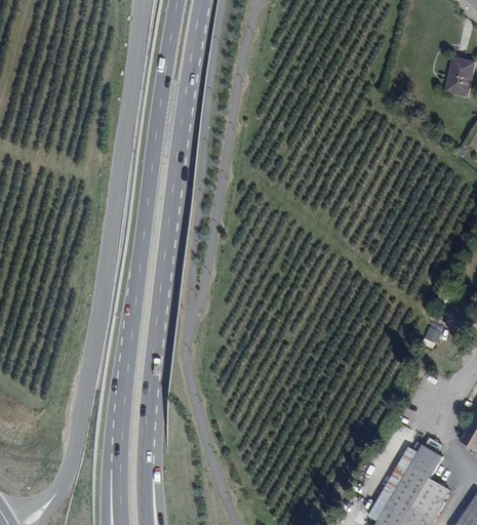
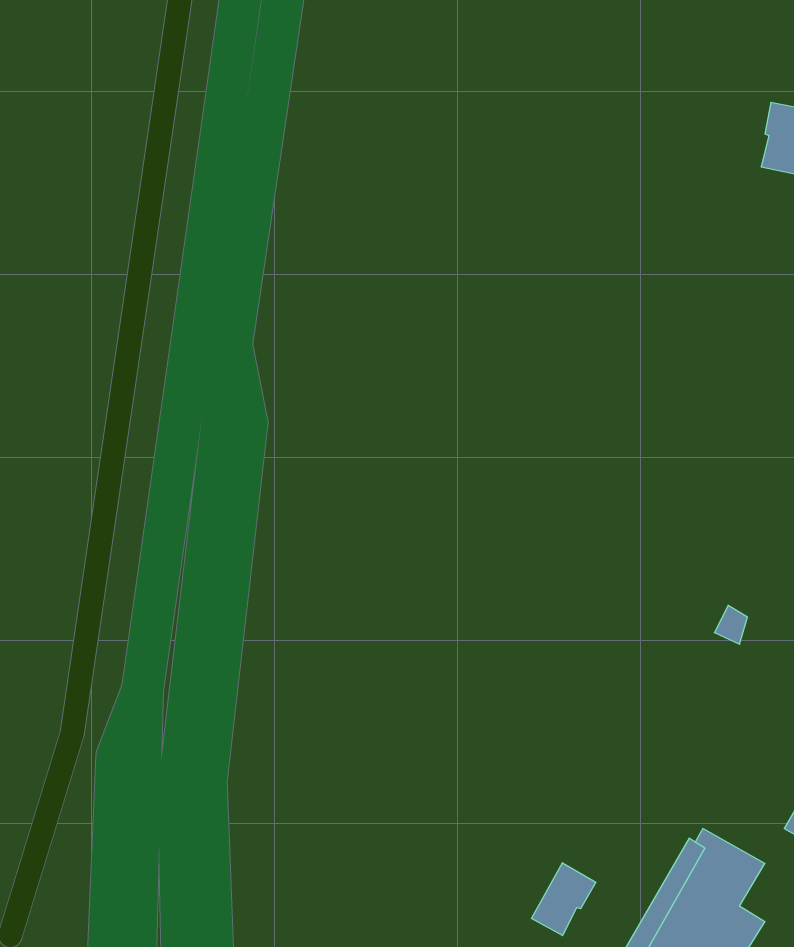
building: none -> [532,863,596,936]

